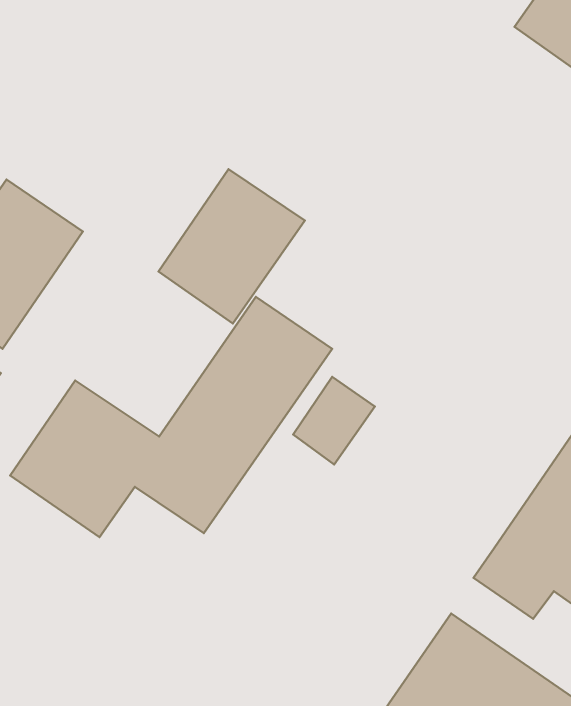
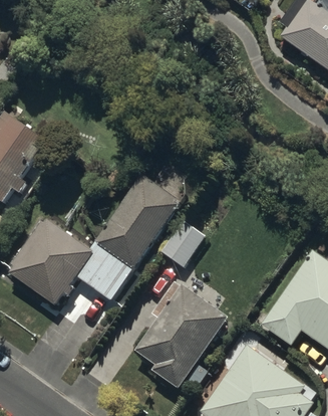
building: [158,169,305,323] -> none
building: none -> [130,284,228,389]

